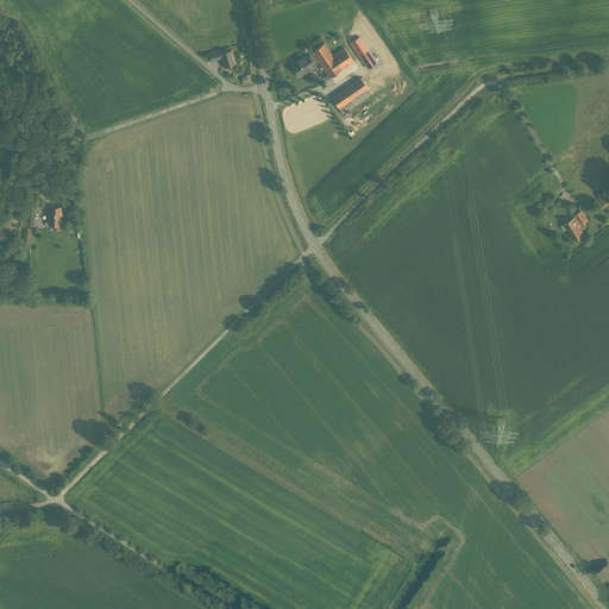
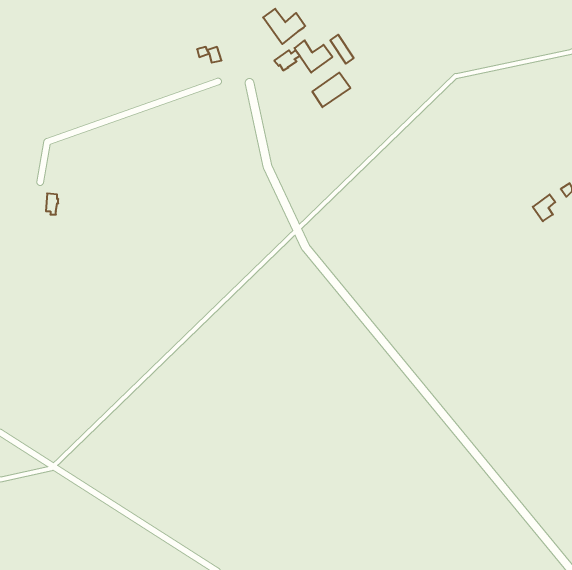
building: none -> [263,9,305,44]

